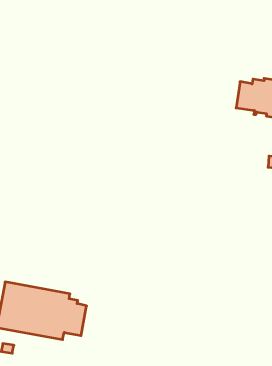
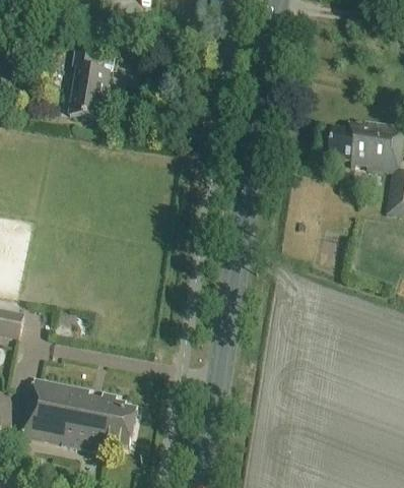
building: none -> [69,49,109,118]

